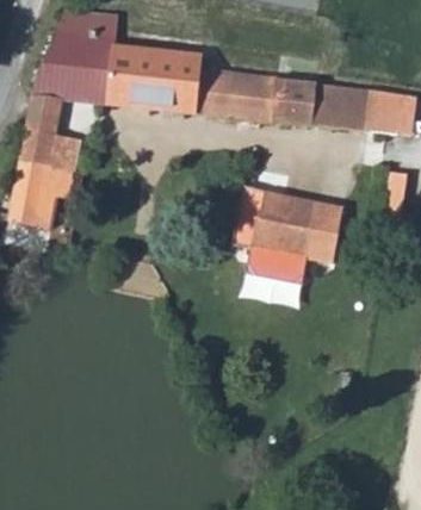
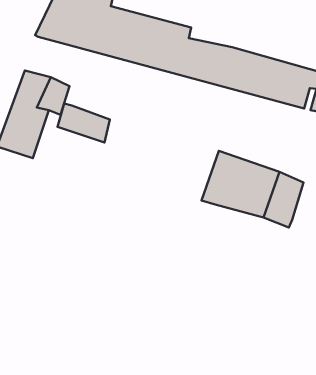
building: [37,91,73,132] -> none
building: none -> [57,103,110,143]
building: [250,247,314,300] -> none

